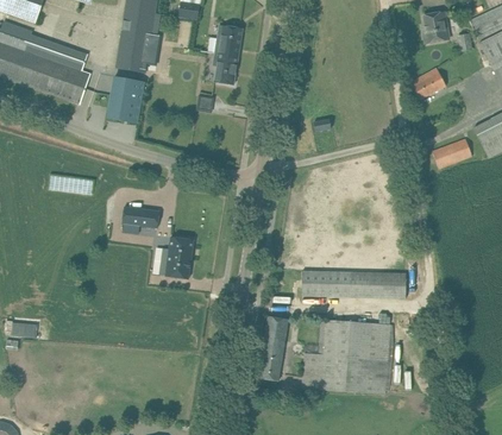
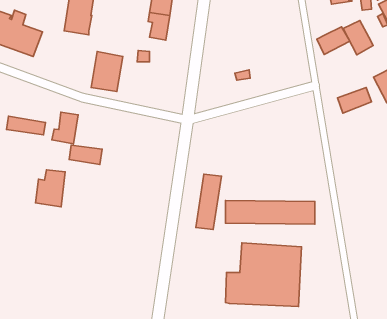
building: none -> [343,21,373,55]
building: [107,76,144,122] -> [91,51,123,92]
building: none -> [52,112,78,144]
building: [158,237,193,279] -> [35,170,65,207]
building: [258,316,288,380] -> [196,174,221,230]

